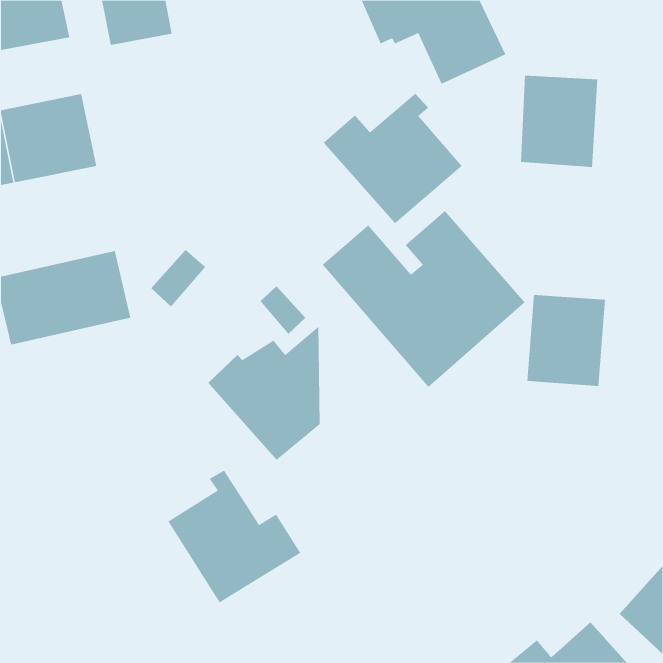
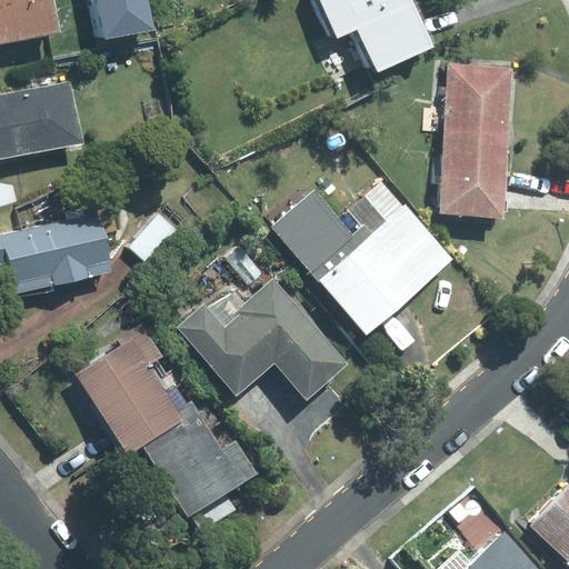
building: [323,93,462,224] -> none
building: [527,294,606,387] -> [440,139,508,218]
building: none -> [273,279,348,400]
building: none -> [78,322,186,456]

